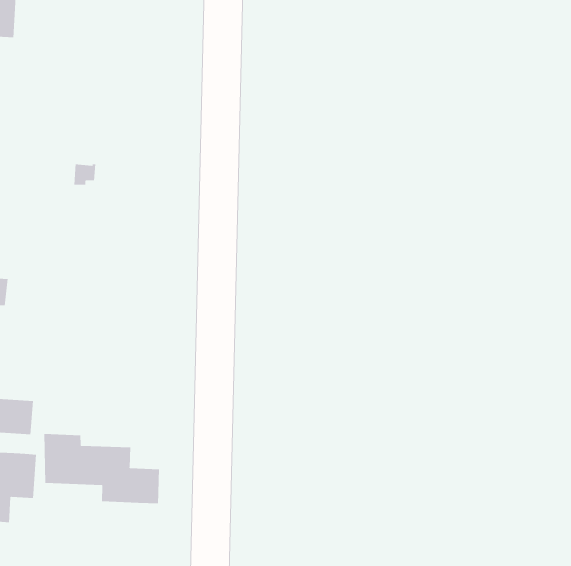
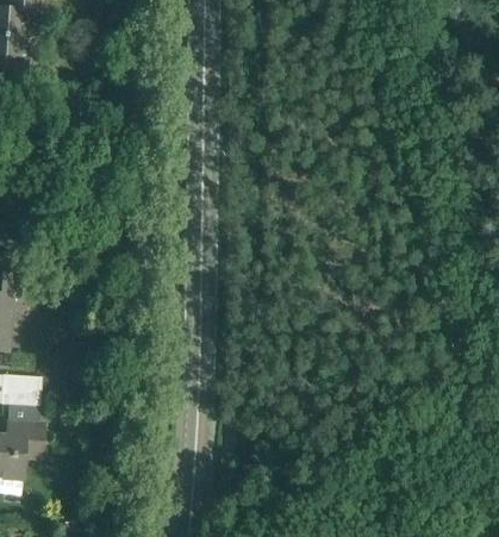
building: [44,433,159,504] -> none

